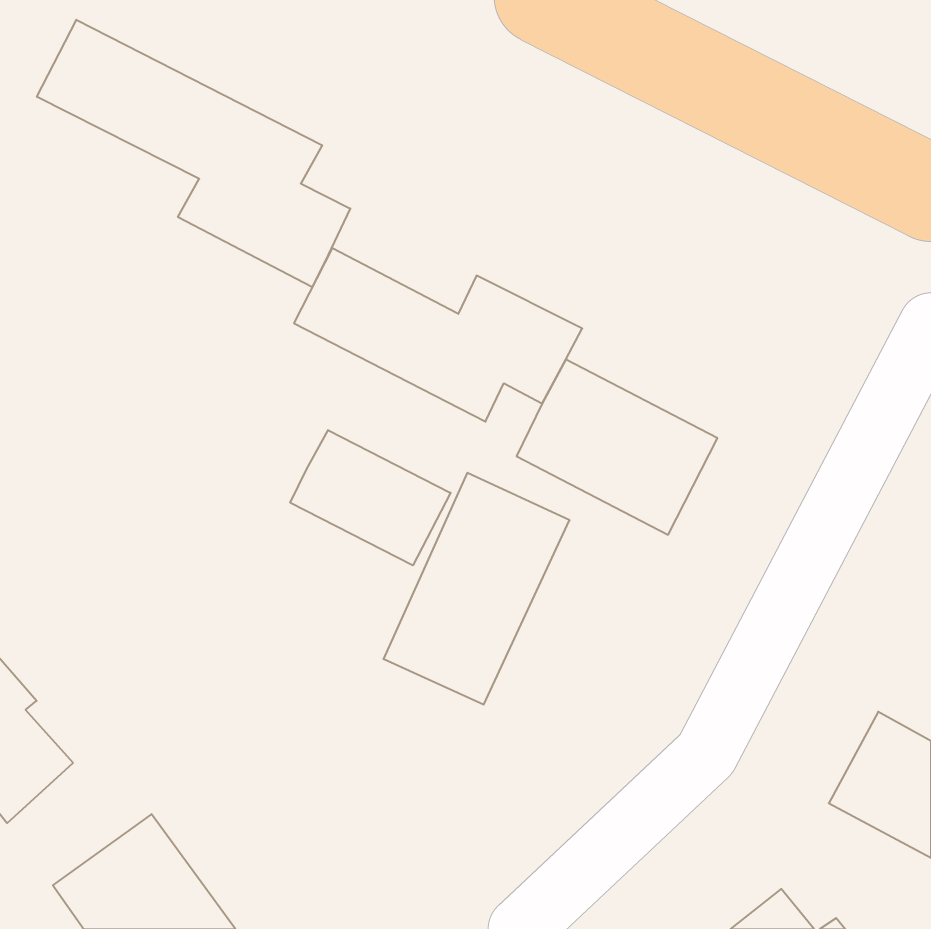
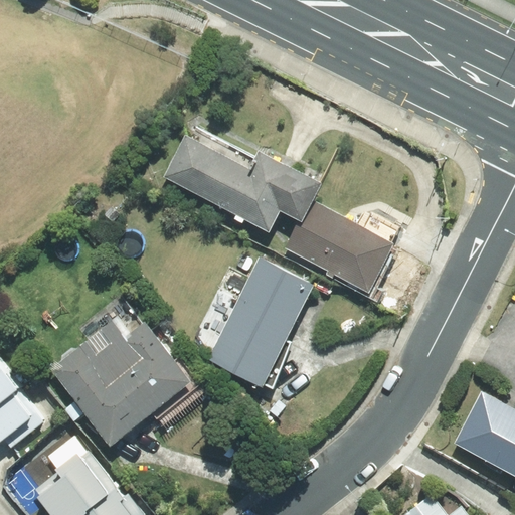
building: [37,20,350,287] -> none
building: [290,430,451,565] -> none
building: none -> [46,294,212,445]

